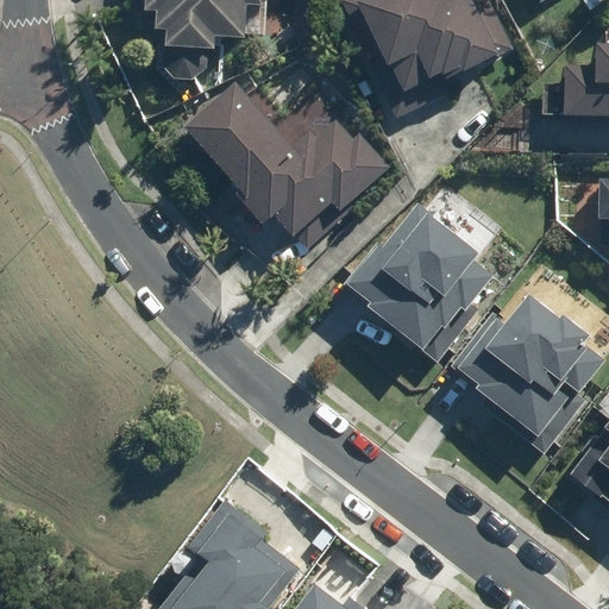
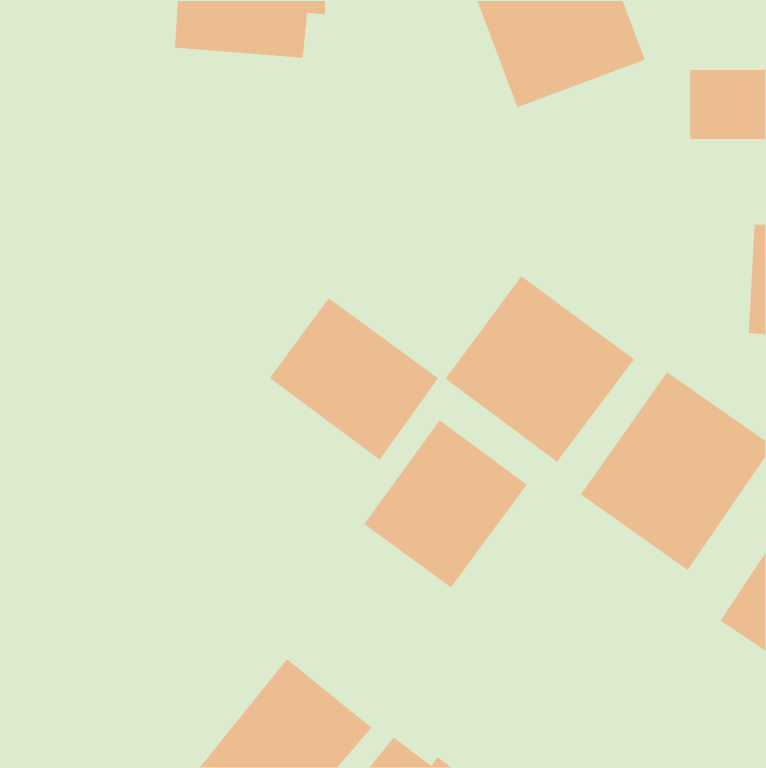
building: [189,49,376,227] -> none
building: none -> [269,297,439,461]
building: none -> [363,419,528,589]

